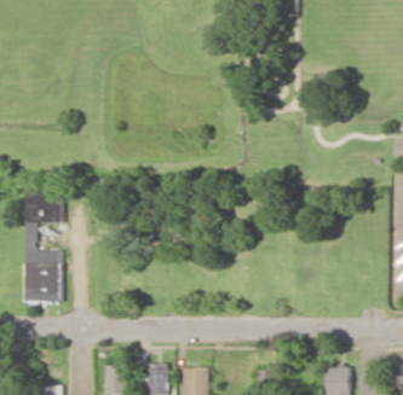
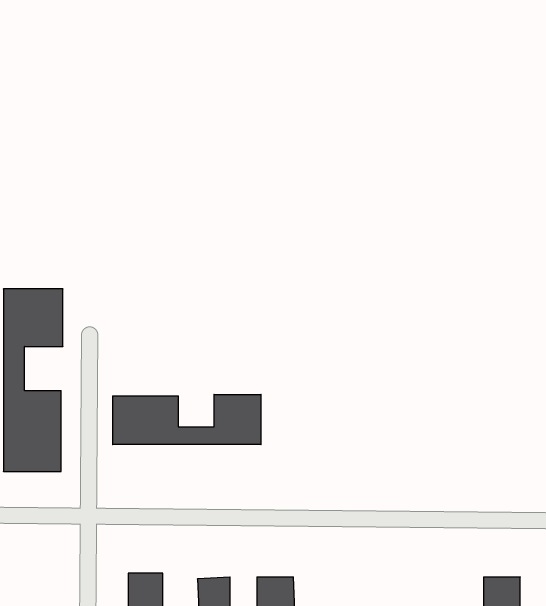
building: none -> [113,394,261,445]

